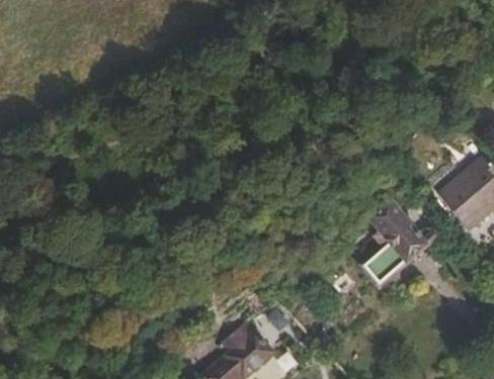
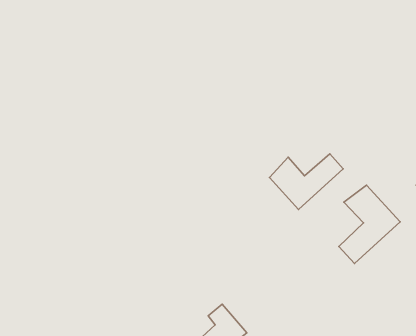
building: none -> [270,154,343,209]

